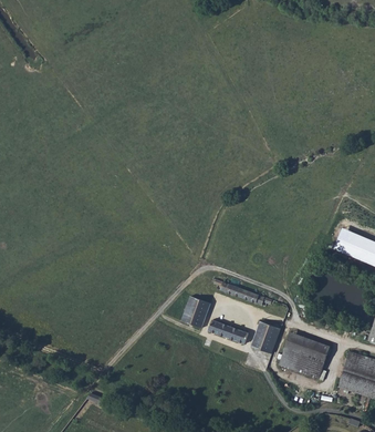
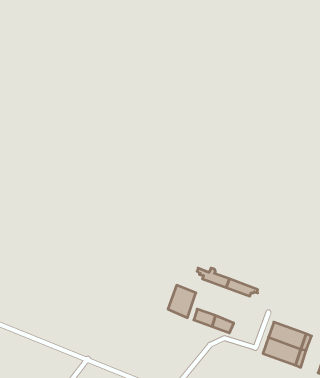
building: [252,322,281,356] -> none

